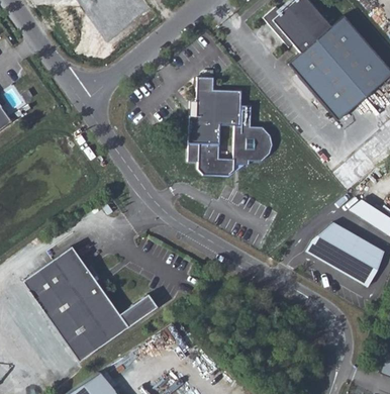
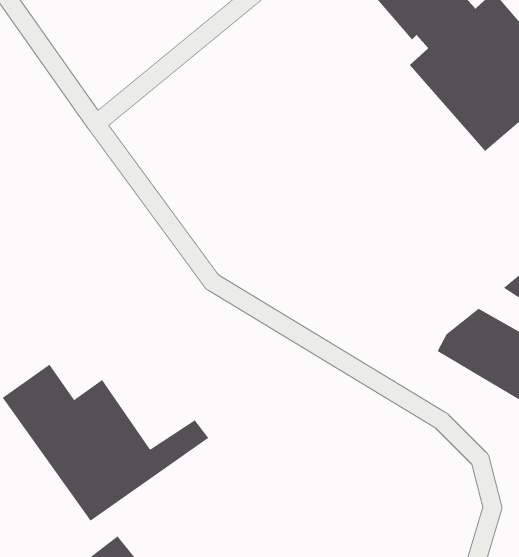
building: [189,77,273,175] -> none
building: [54,247,88,282] -> none

